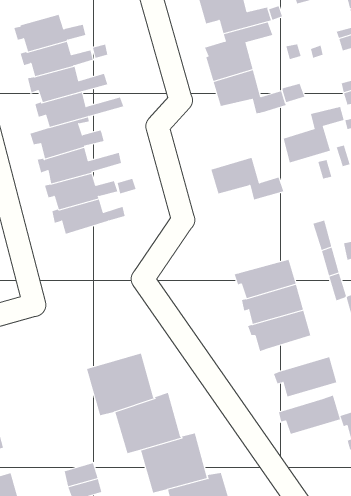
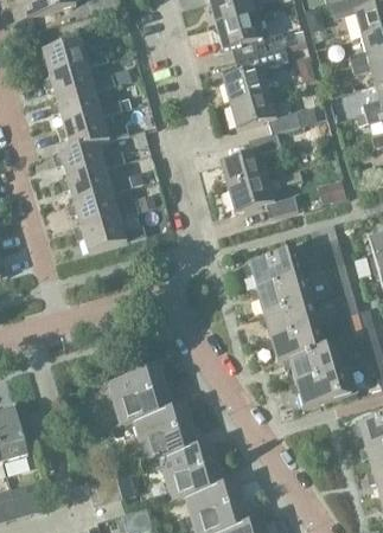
building: [283,107,345,163] -> [222,134,281,188]
building: none -> [243,250,304,288]
building: [278,395,341,434] -> [282,345,343,383]

